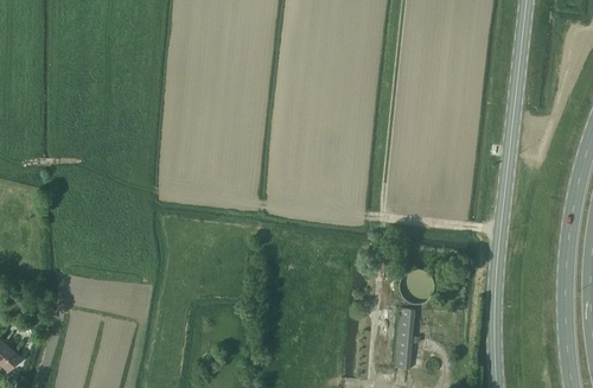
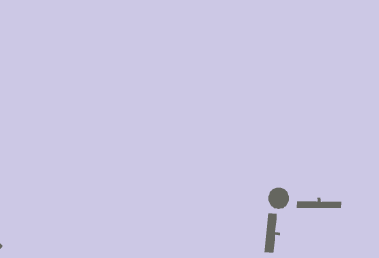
building: none -> [296,197,342,209]

